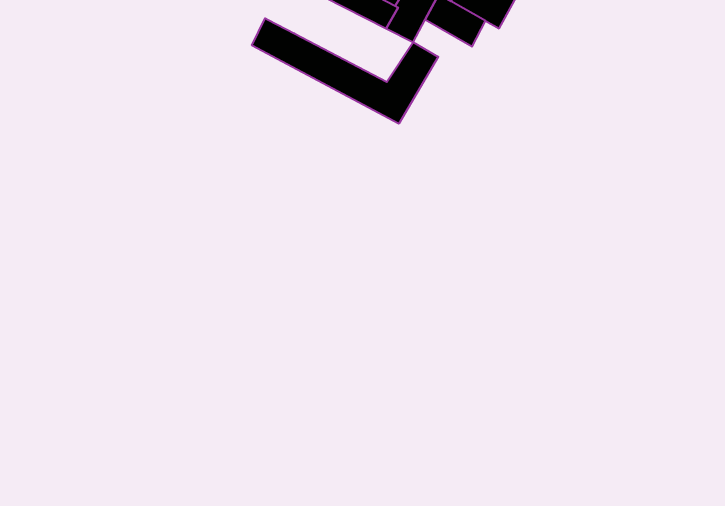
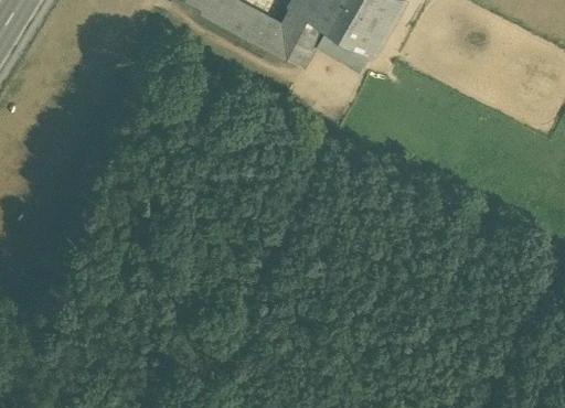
building: [252,18,438,124] -> none

